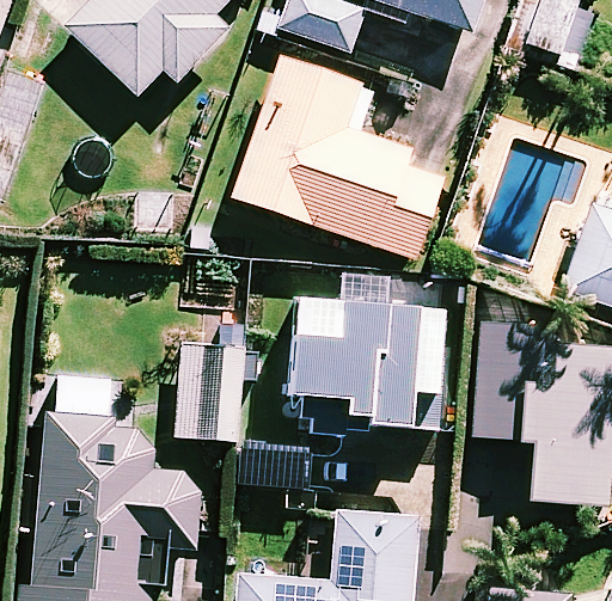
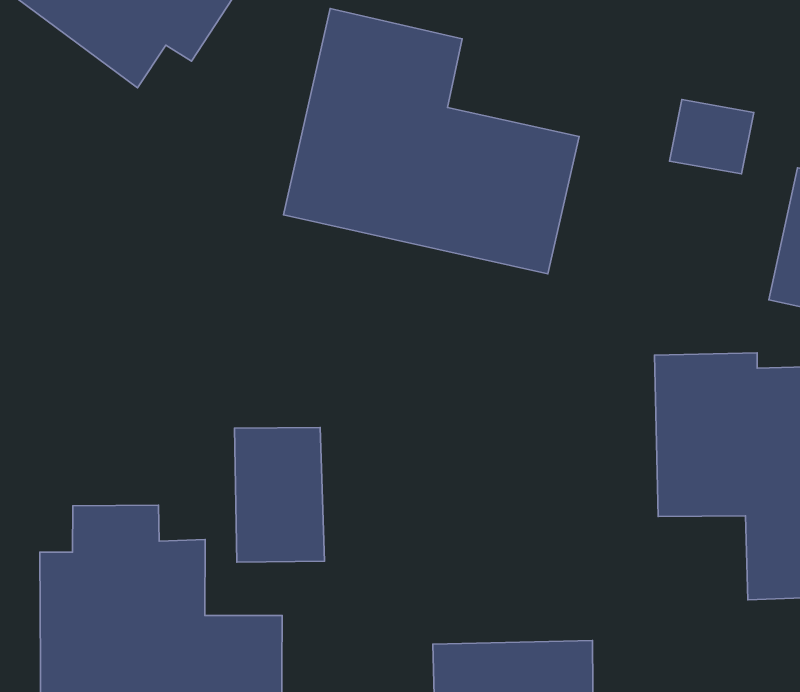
building: [292,289,443,437] -> none

